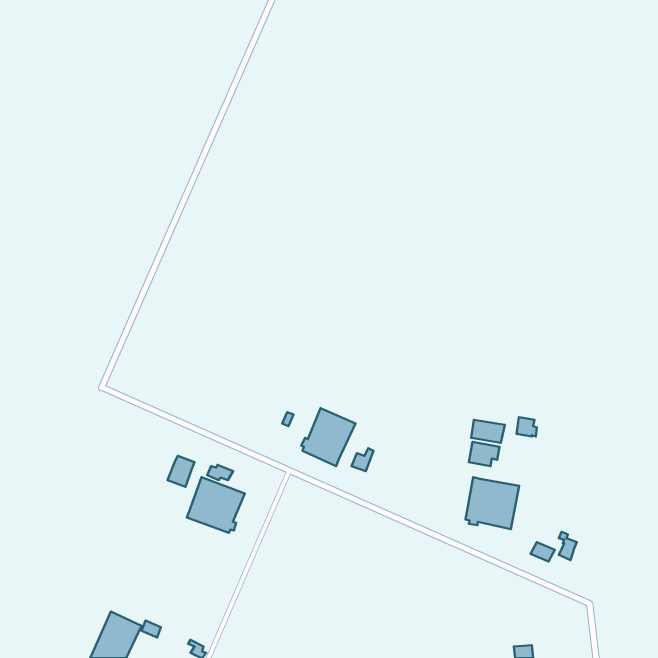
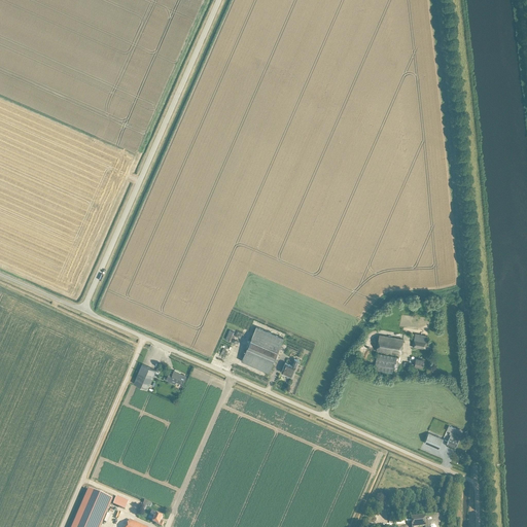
building: [466,477,519,529] -> none
building: [187,477,245,533] -> none

